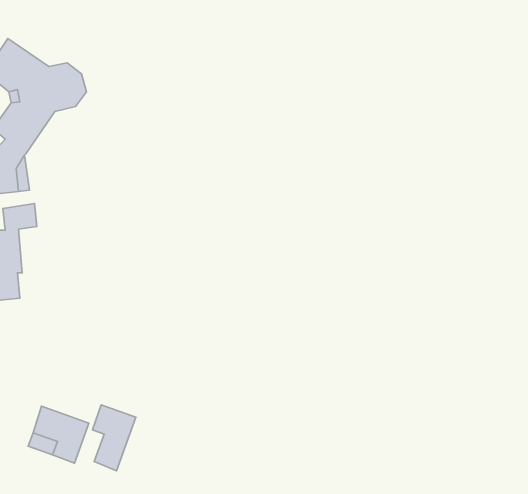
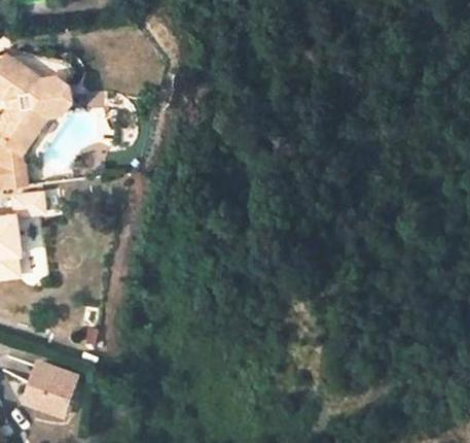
building: [93,405,136,471] -> none

